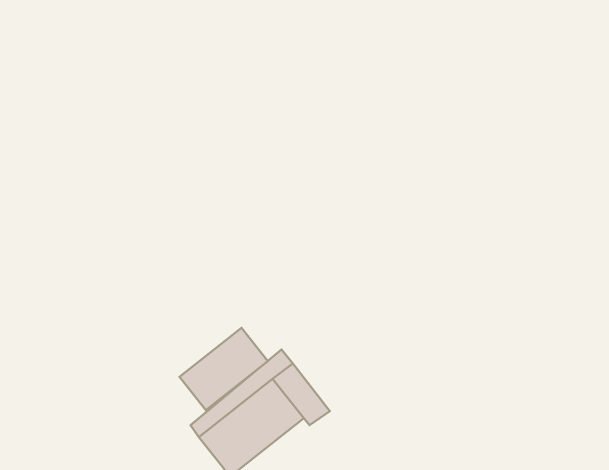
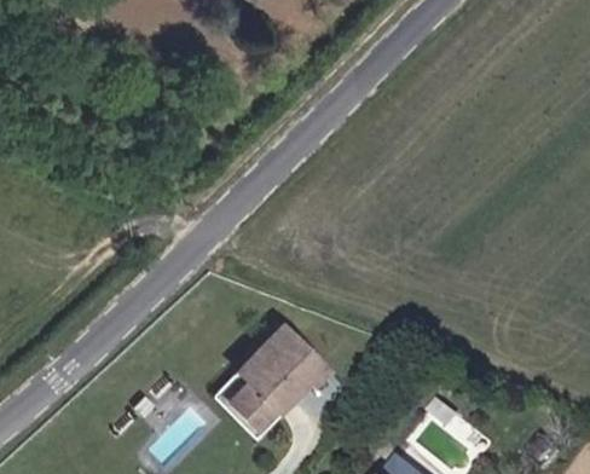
building: [179,328,268,410] -> none

